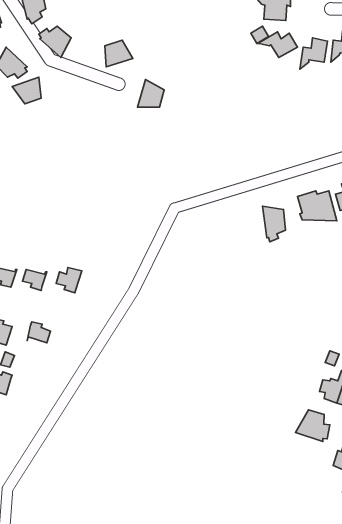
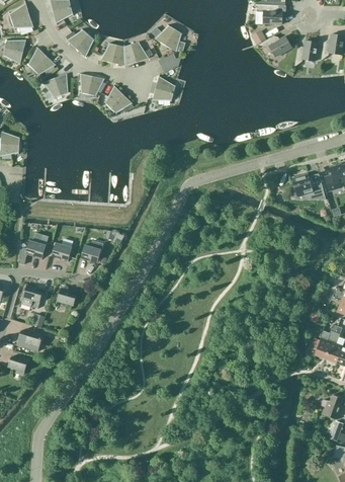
building: none -> [155,25,185,52]
building: none -> [100,43,124,65]
building: none -> [80,73,104,95]
building: none -> [104,85,134,112]
building: [263,206,286,242] -> none
building: [295,410,330,442] -> none

